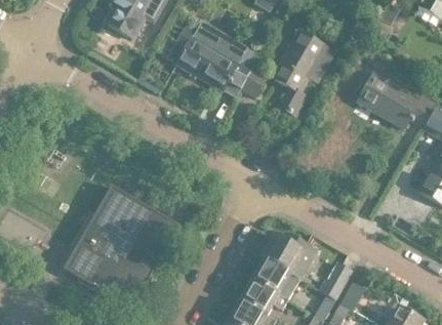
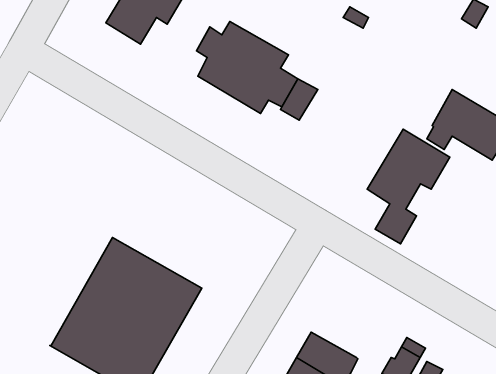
building: [271,29,334,117] -> [367,129,450,244]
building: [260,234,319,278] -> none

